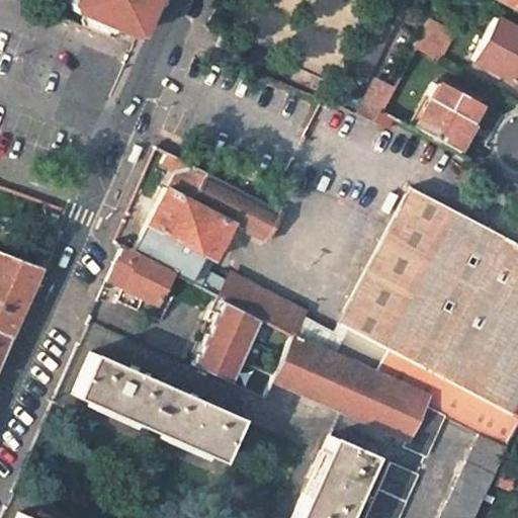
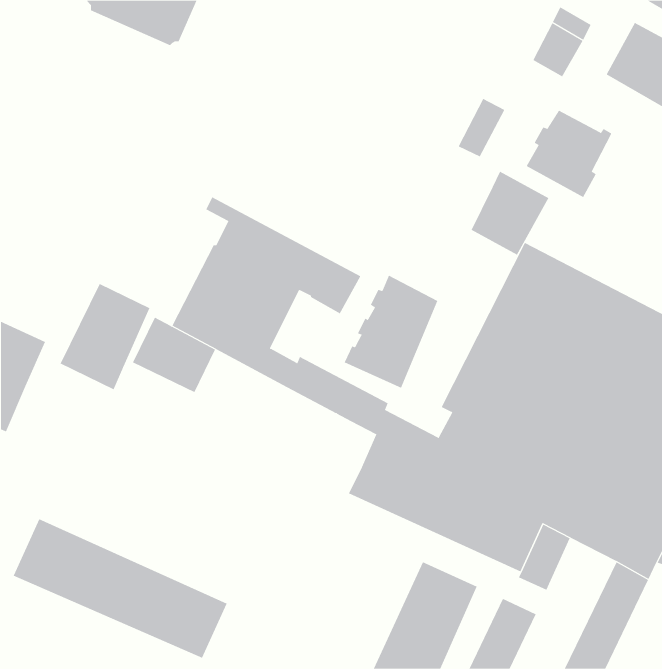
building: none -> [471,171,549,255]
building: none -> [60,283,150,390]
building: [192,299,265,387] -> [344,275,438,389]
building: [73,352,239,460] -> [13,518,227,658]

